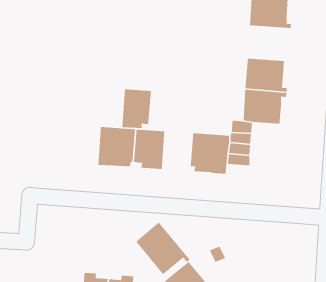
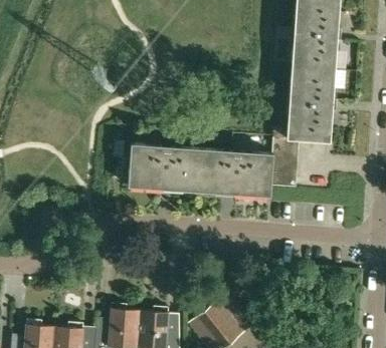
building: none -> [293,33,341,71]
building: [122,89,152,129] -> [199,148,232,193]
building: [135,222,191,275] -> none

